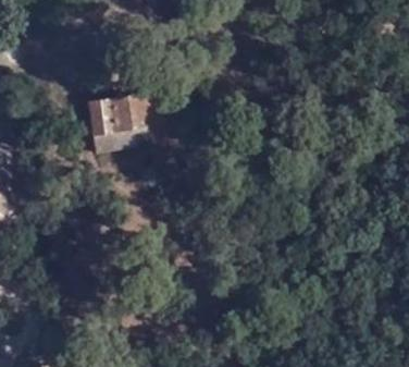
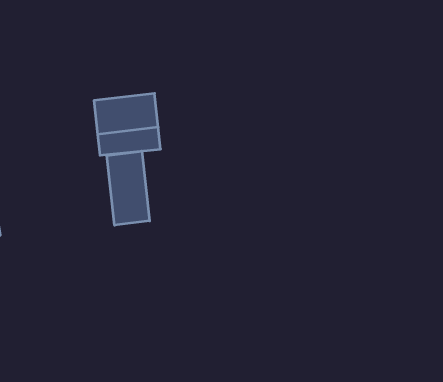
building: none -> [107,151,150,225]

